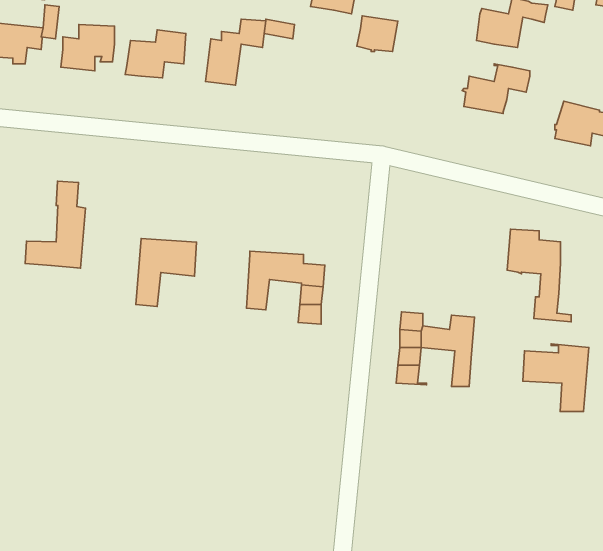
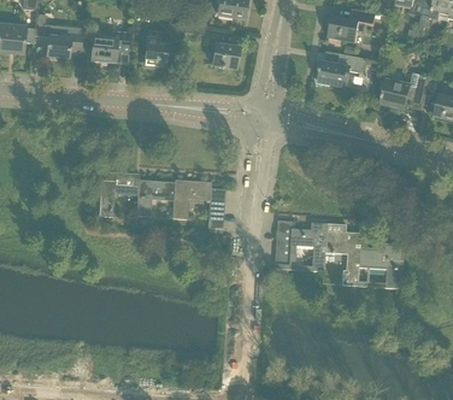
building: [357,16,398,52] -> [212,45,240,69]
building: [25,181,86,268] -> none
building: [507,229,571,322] -> [324,224,367,287]
building: none -> [136,173,175,217]

